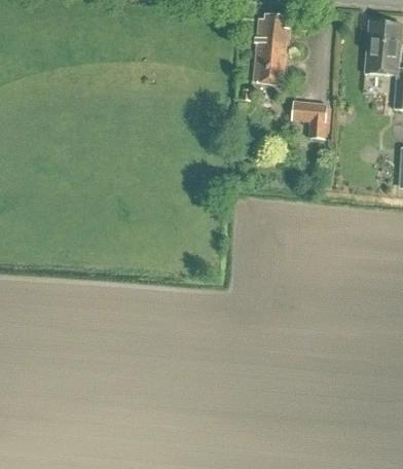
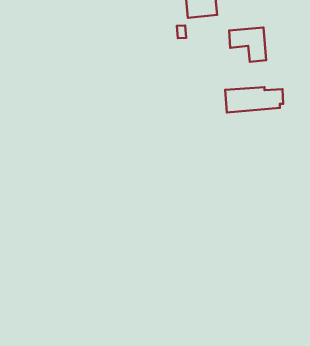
building: none -> [225,87,283,112]

